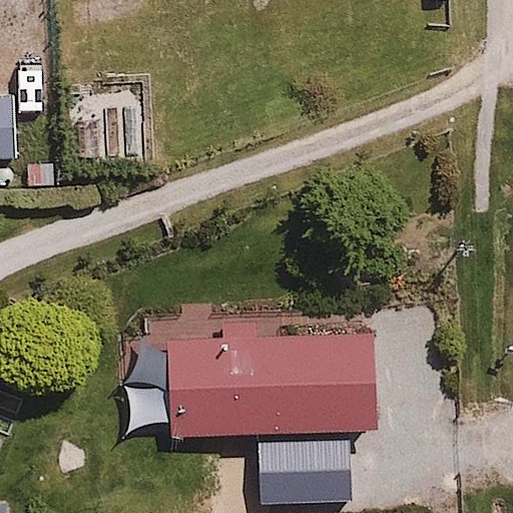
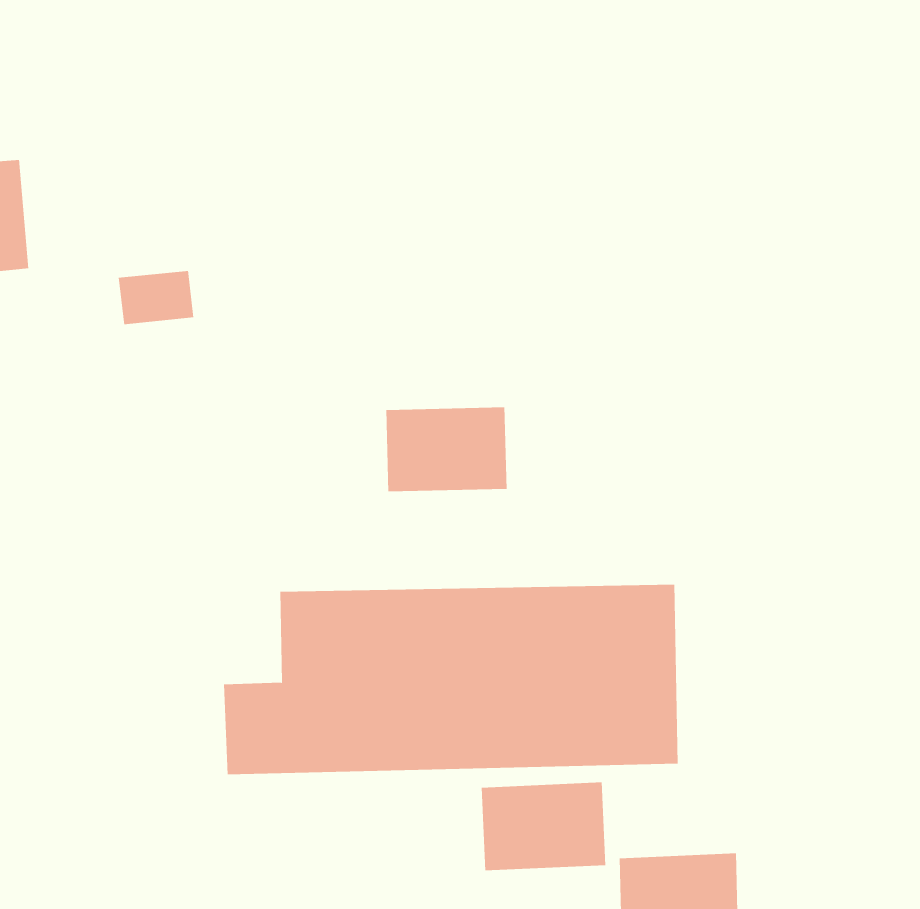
building: none -> [386,406,507,492]

